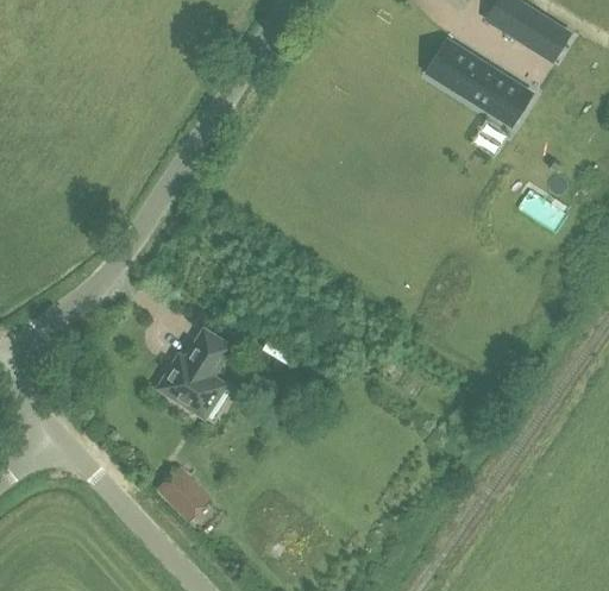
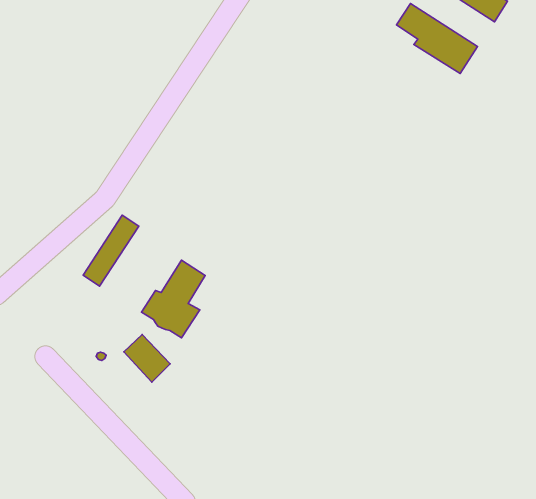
building: none -> [83,215,139,286]
building: [157,465,208,517] -> [124,335,170,382]

